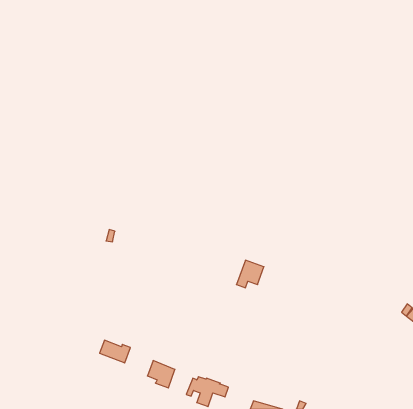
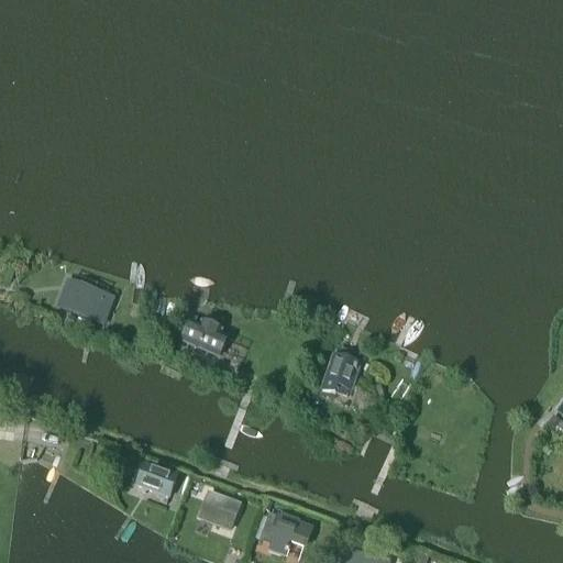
building: none -> [64,283,106,317]
building: none -> [183,321,225,355]

